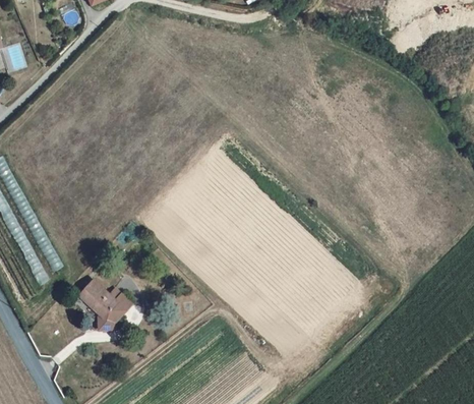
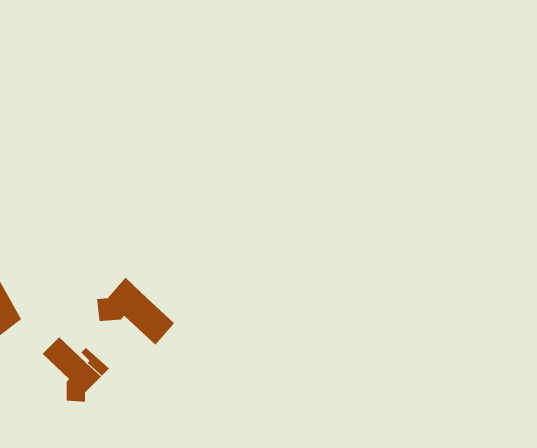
building: none -> [97,277,175,346]

